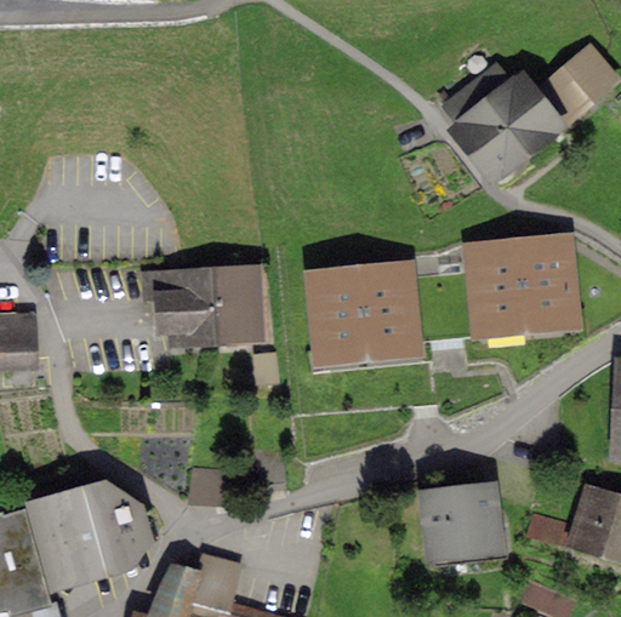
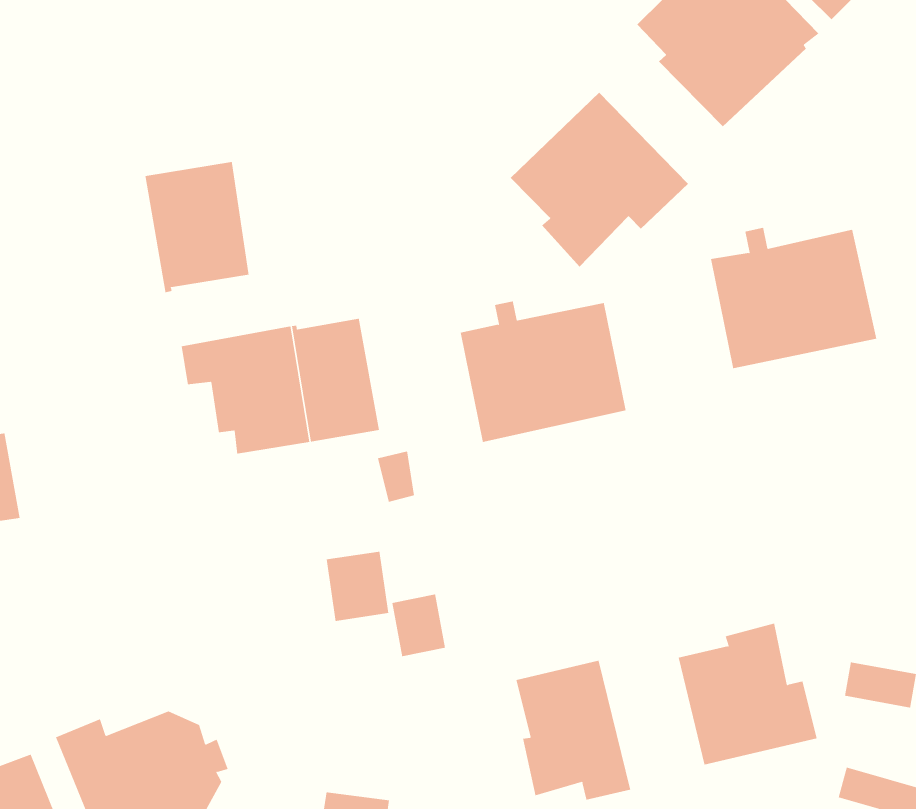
building: none -> [510,92,689,267]
building: none -> [145,161,249,293]
building: [189,469,224,509] -> [326,551,389,621]
building: none -> [516,660,631,800]

